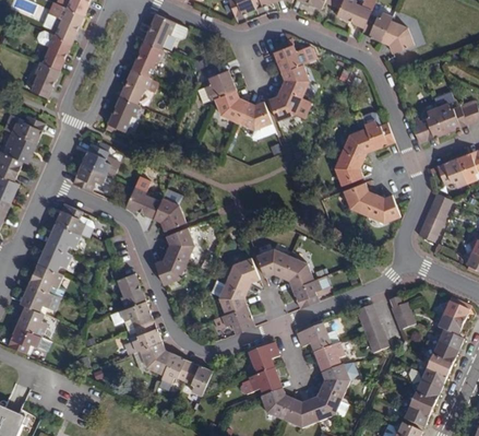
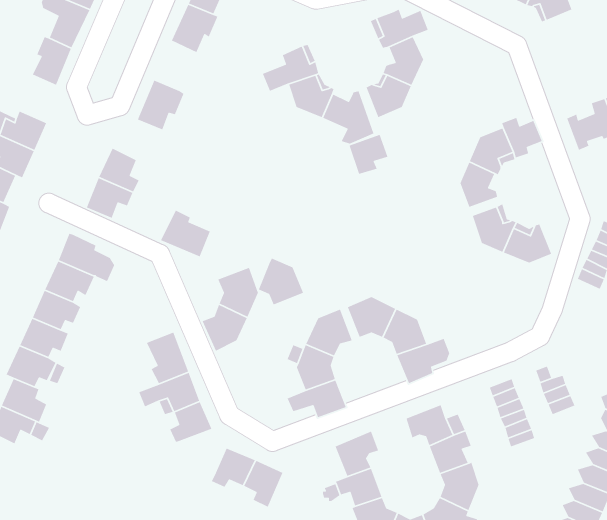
building: [119,67,153,102] -> none
building: none -> [348,134,388,175]
building: [152,197,184,231] -> [258,257,304,305]
building: [137,341,170,374] -> none

